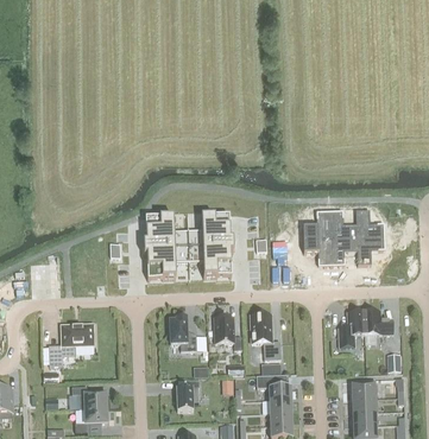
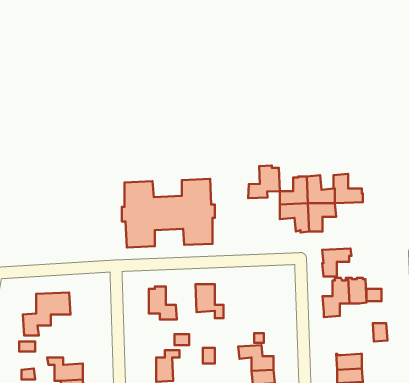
building: none -> [248,166,280,198]
building: [351,235,379,262] -> [322,248,352,277]
building: [251,312,280,358] -> none

